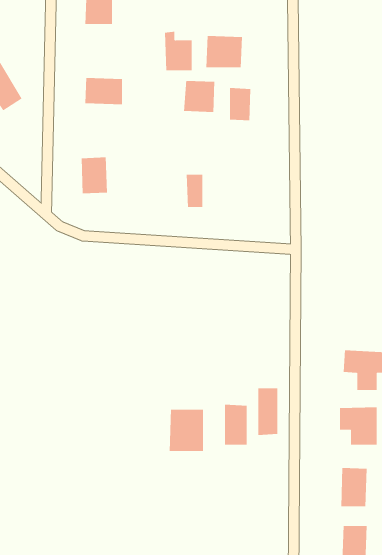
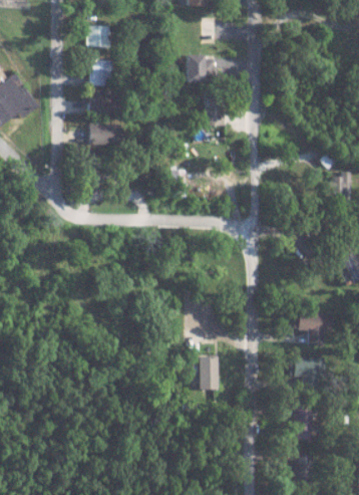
building: [164,31,193,71] -> [89,52,112,84]
building: [183,80,215,113] -> none
building: none -> [88,122,118,145]
building: [258,387,278,436] -> none
building: [169,409,204,452] -> none

